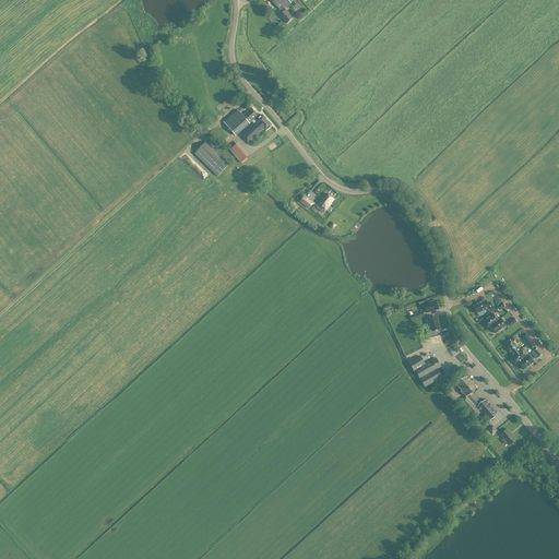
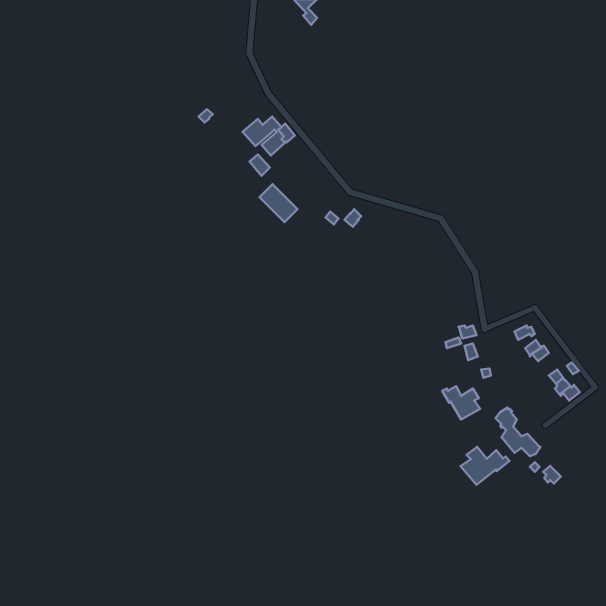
building: [193,140,228,175] -> [260,184,298,222]
building: none -> [461,447,510,485]

